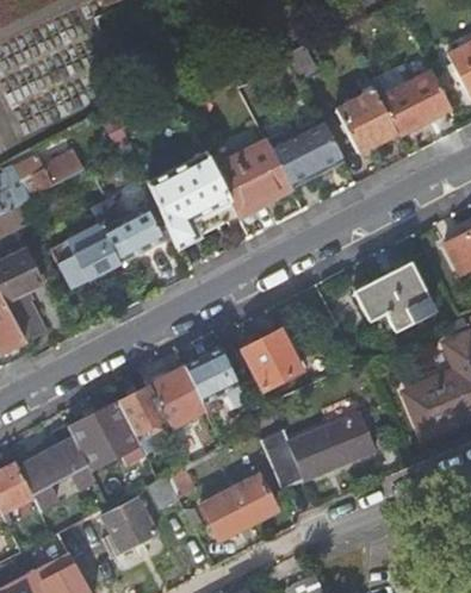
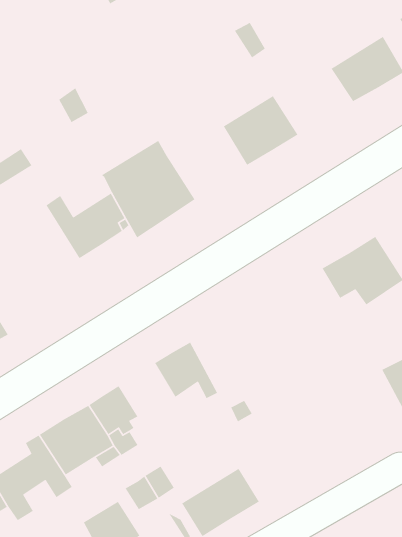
building: [336,77,396,151] -> none
building: [212,141,289,213] -> none
building: [51,226,113,286] -> none
building: [241,329,299,389] -> none
building: [148,368,204,426] -> none
building: [262,417,374,489] -> none

